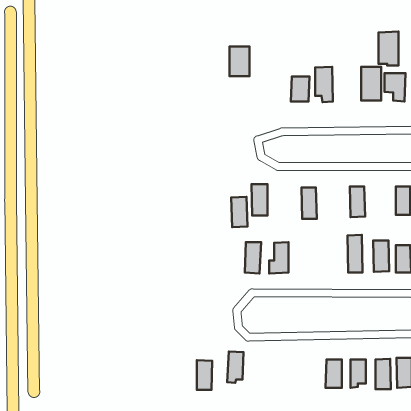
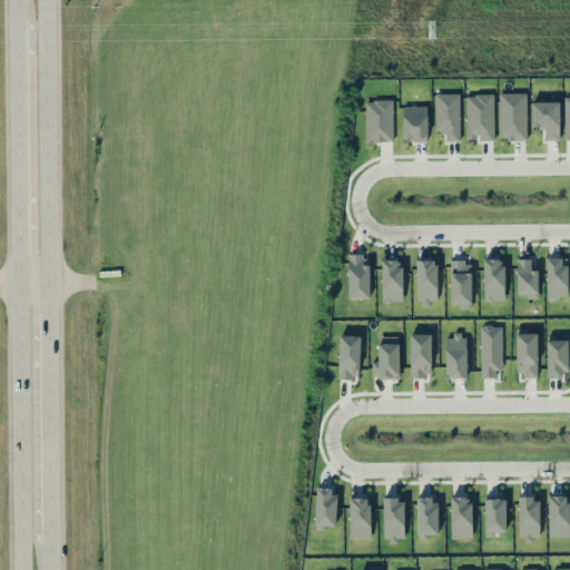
building: [378,32,399,65] -> [468,94,495,140]
building: [229,46,250,76] -> [366,100,394,141]
building: none -> [517,258,539,296]
building: none -> [451,261,473,306]
building: [231,197,247,227] -> [382,259,404,302]
building: none -> [411,333,433,376]
building: none -> [446,335,468,377]
building: none -> [417,495,439,537]
building: [197,360,212,390] -> [351,497,372,538]
building: none -> [384,499,405,540]

